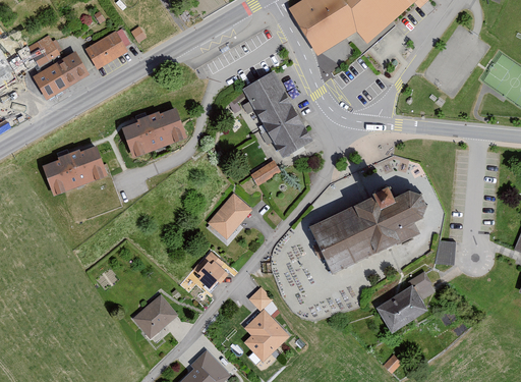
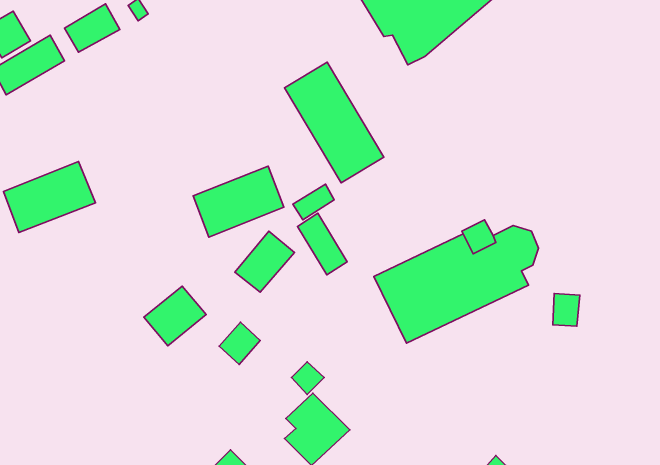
building: [122,107,187,158] -> [193,166,284,237]
building: none -> [297,213,347,275]
building: [375,278,433,333] -> none
building: [132,293,177,336] -> [144,286,206,346]

